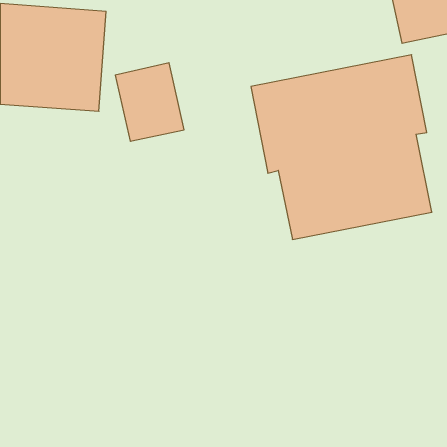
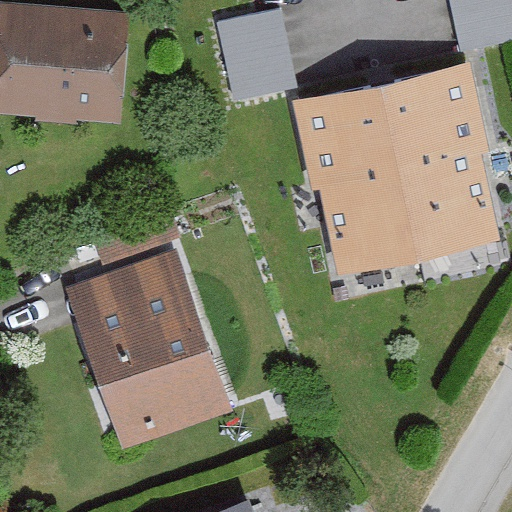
building: [115,63,184,141] -> [219,11,297,100]
building: none -> [67,250,232,446]

